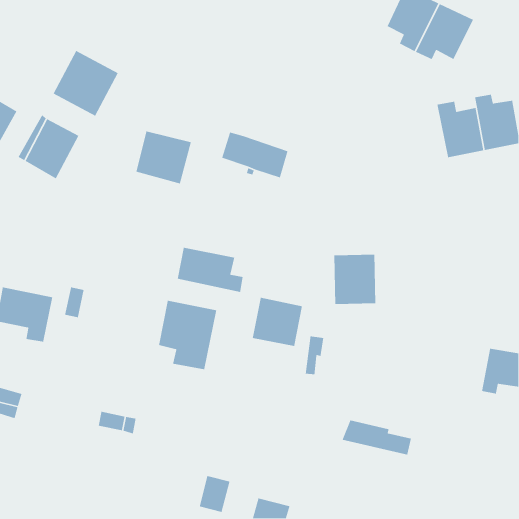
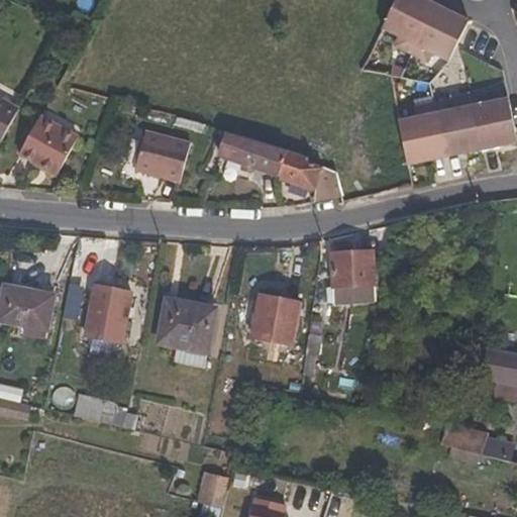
building: [52,50,119,117] -> none
building: none -> [397,103,443,165]
building: none -> [278,149,340,202]
building: [177,247,243,293] -> none
building: none -> [85,285,131,341]
building: [342,420,412,455] -> [439,424,509,459]

